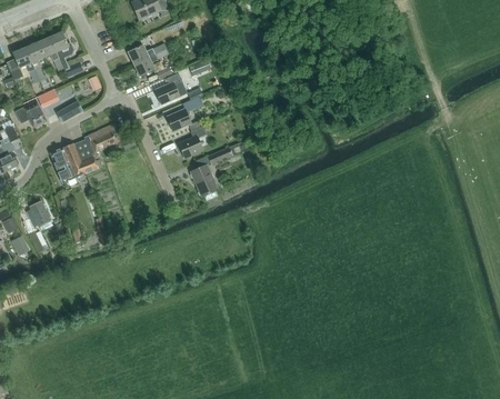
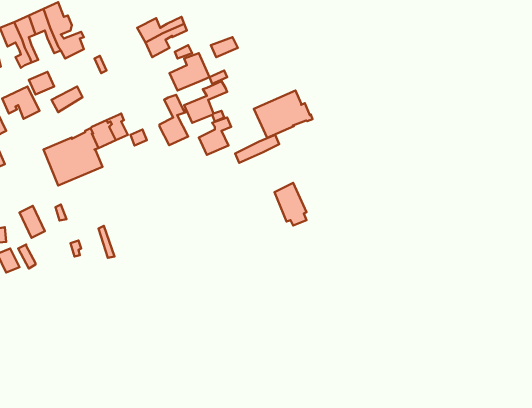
building: none -> [254,90,312,138]
building: none -> [159,95,188,145]
building: [190,163,217,199] -> [274,183,307,226]

